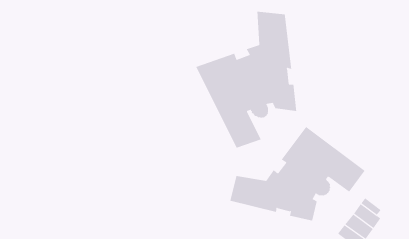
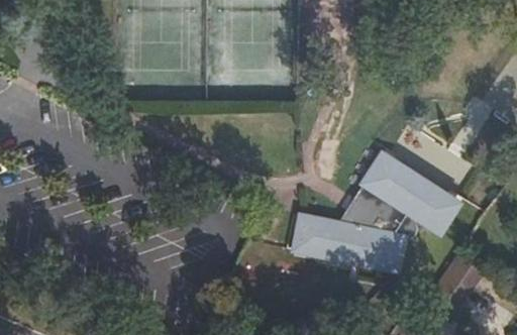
building: [196,11,297,149] -> none

